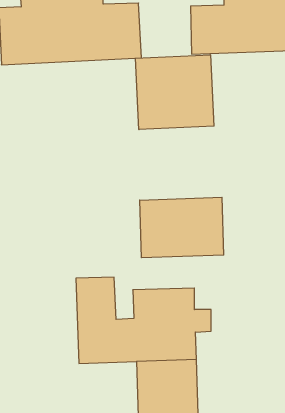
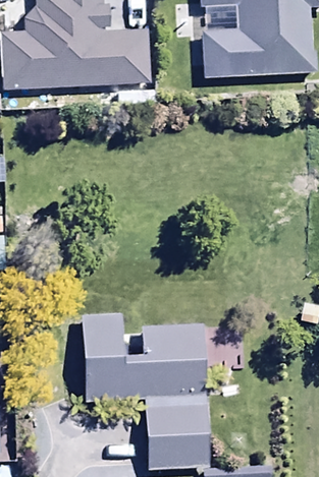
building: [135,55,214,130] -> none
building: [140,197,224,258] -> none

